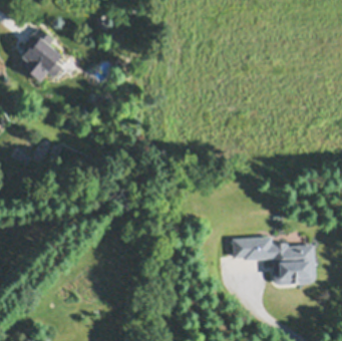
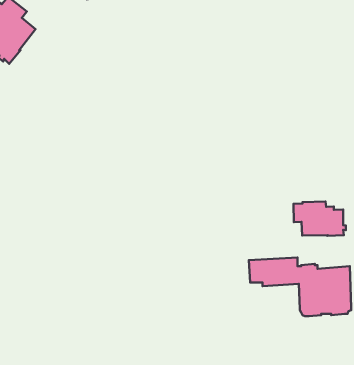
building: none -> [293,201,346,236]

